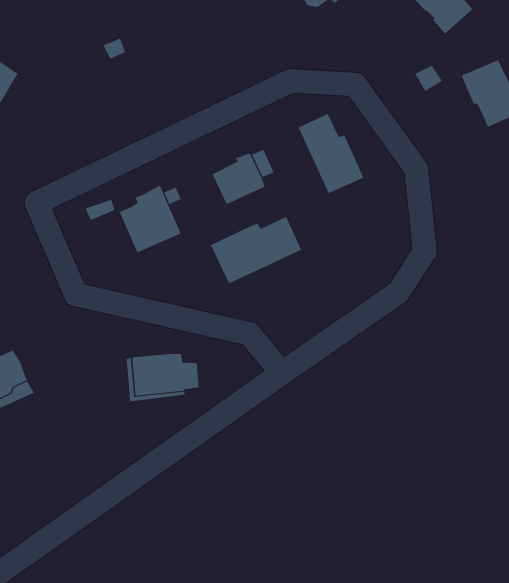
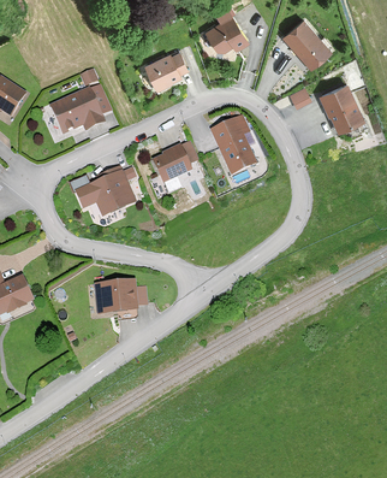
building: none -> [144,51,186,87]
building: none -> [49,89,103,134]
building: [210,216,302,284] -> none

